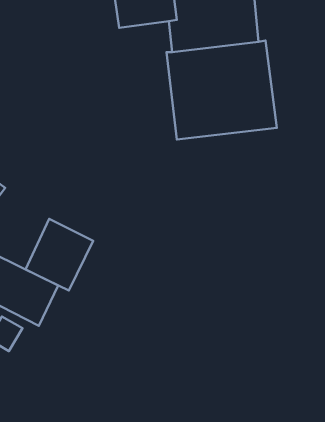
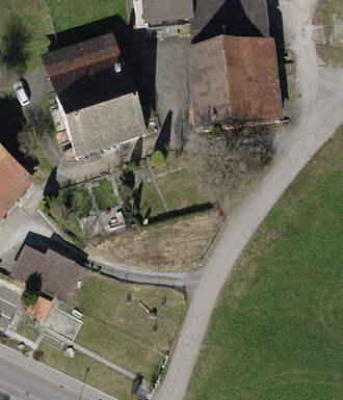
building: none -> [41,32,147,161]
building: [26,219,93,290] -> none

